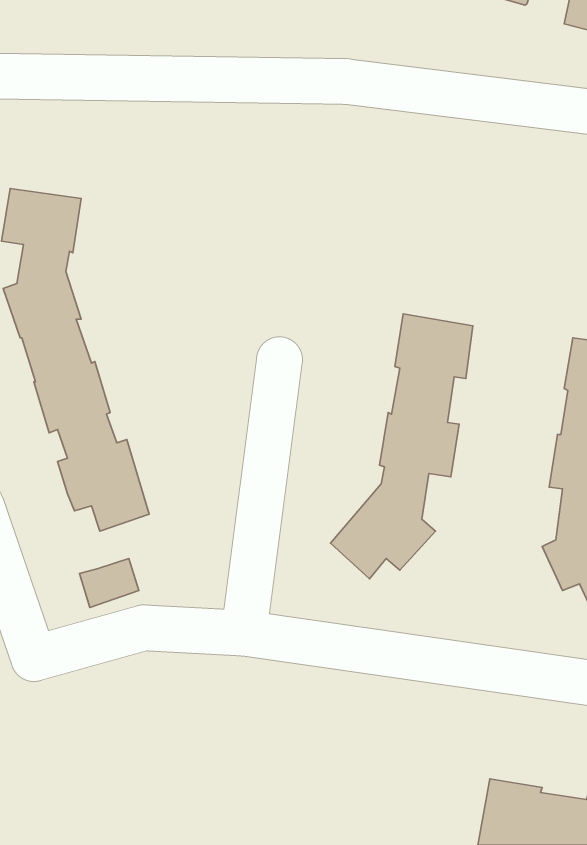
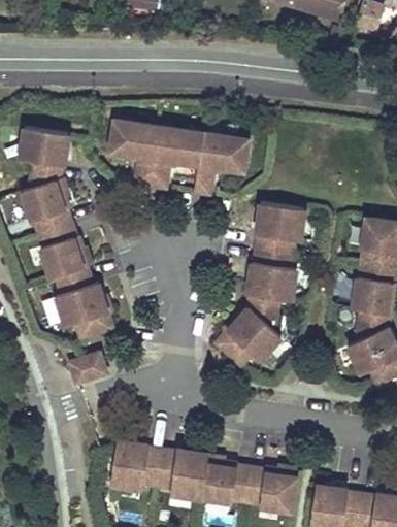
building: none -> [112,120,252,194]
building: none -> [110,442,297,515]

